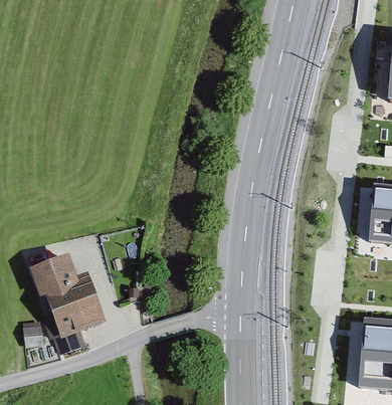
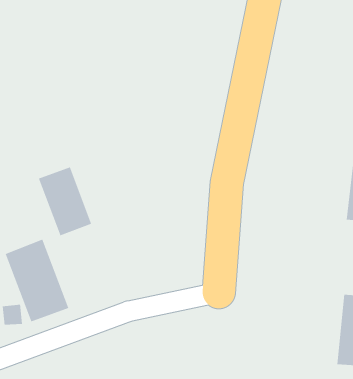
building: none -> [38,167,92,236]

